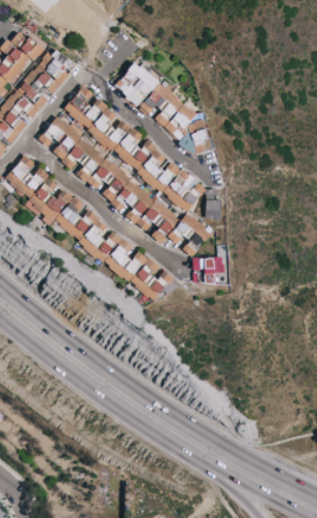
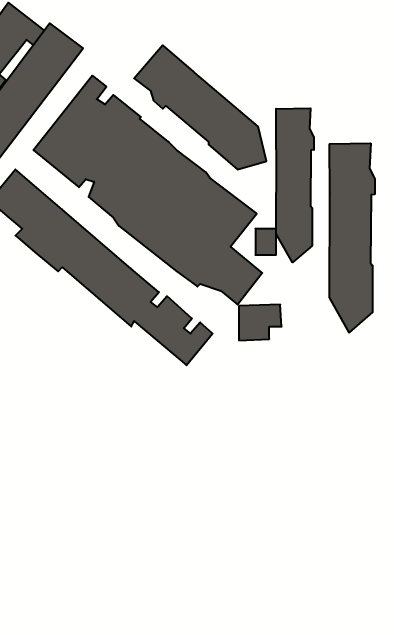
building: none -> [276,108,314,262]
building: none -> [330,143,375,333]

